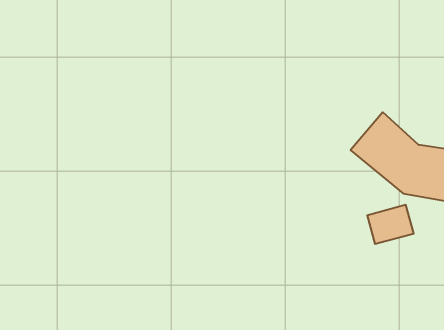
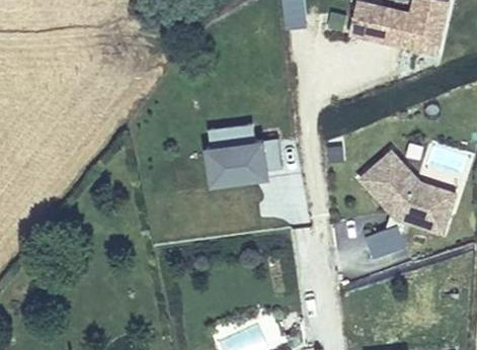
building: none -> [207,134,268,182]

